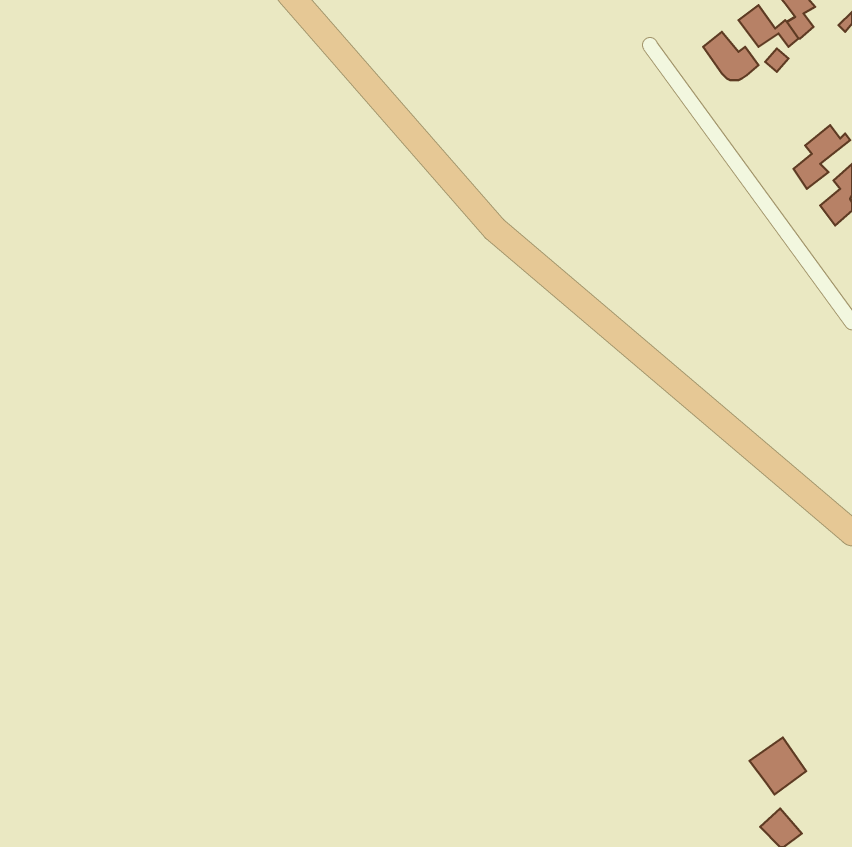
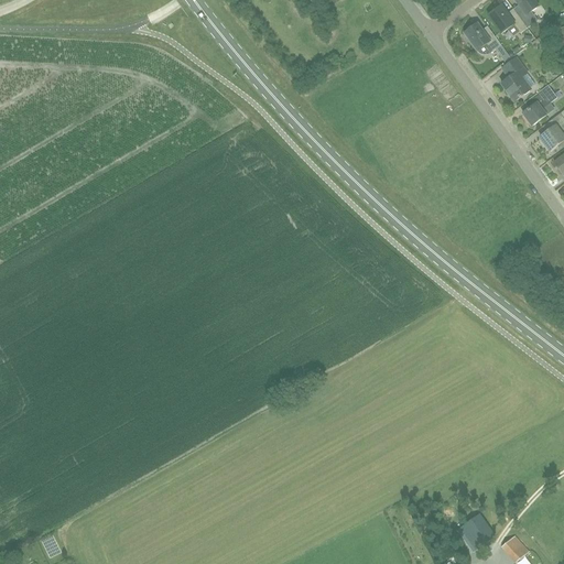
building: none -> [501,56,530,100]
building: [749,738,806,794] -> [457,512,495,550]

